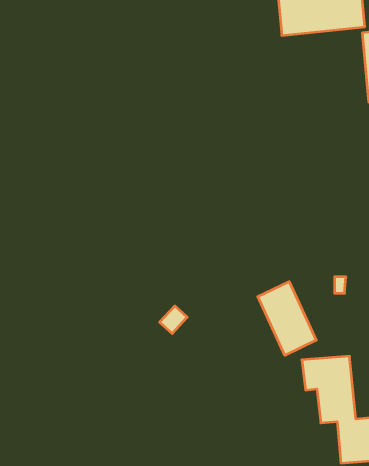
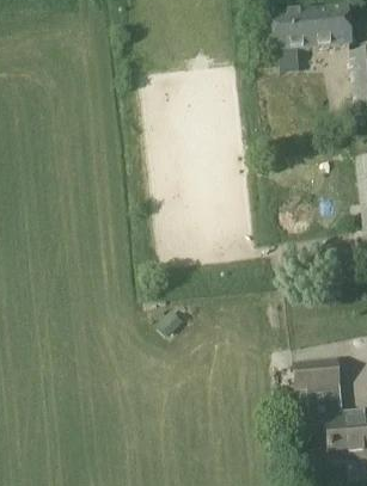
building: [258,282,316,355] -> none

